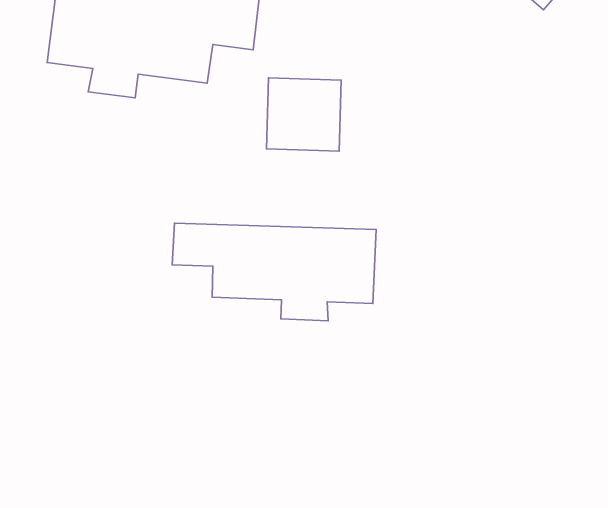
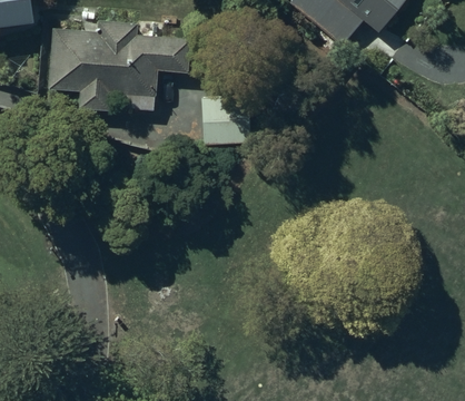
building: [172,223,376,321] -> none

